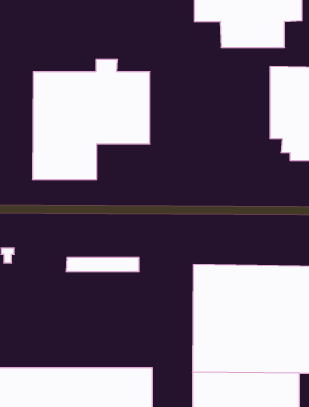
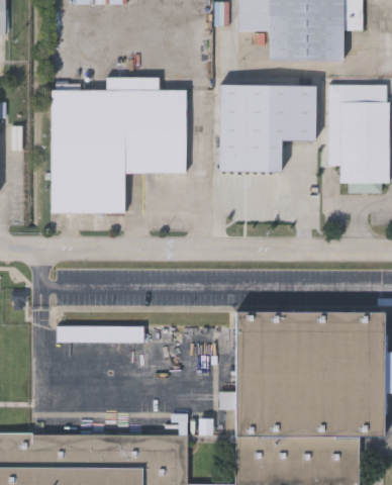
building: none -> [218,82,315,174]
building: [66,258,139,272] -> [60,326,144,343]

